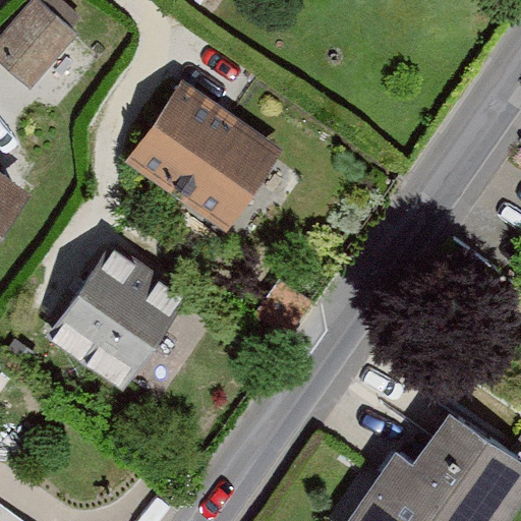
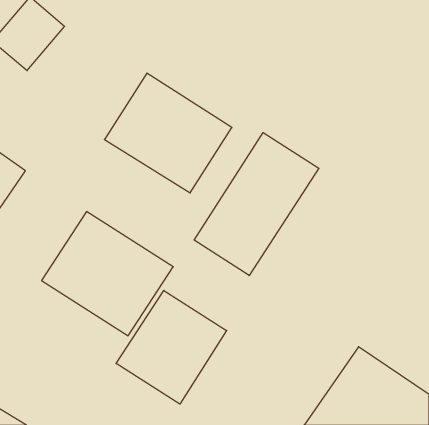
building: none -> [194,133,319,276]
building: none -> [116,290,227,404]

